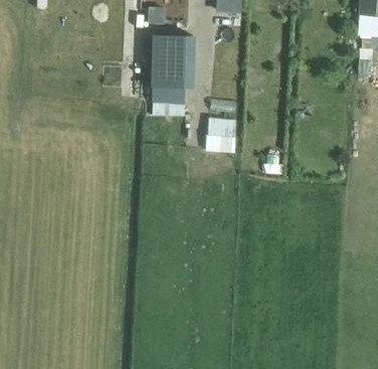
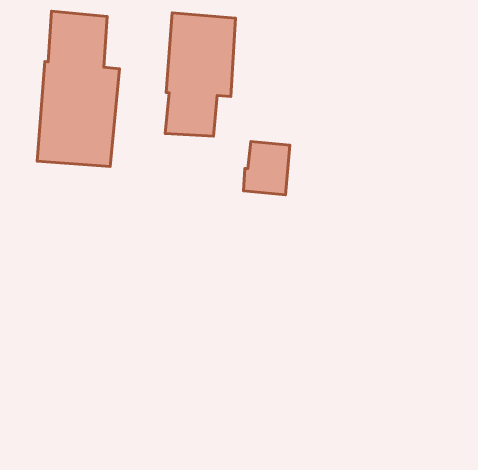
building: none -> [37,11,120,166]

